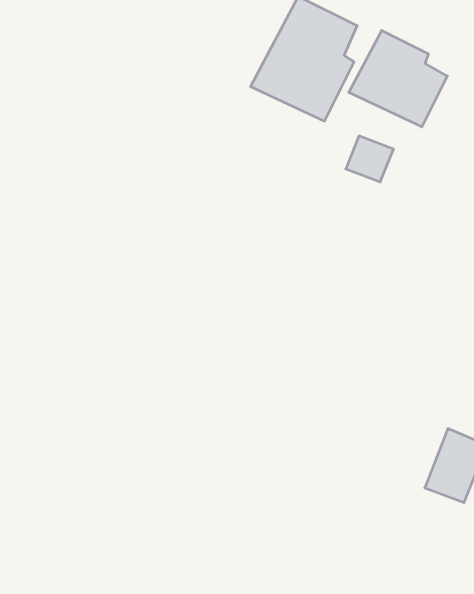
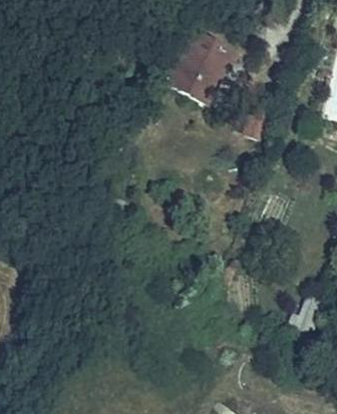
building: [349,30,447,127] -> none

